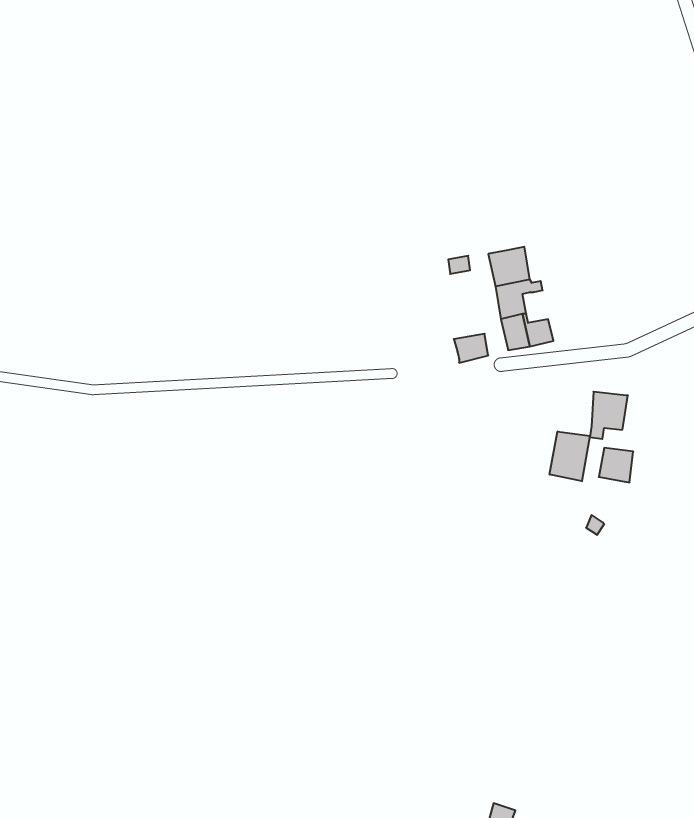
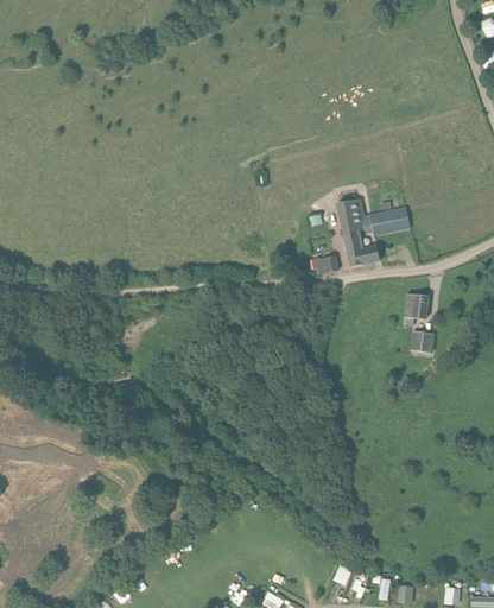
building: none -> [369,207,408,235]
building: [550,431,590,481] -> none

